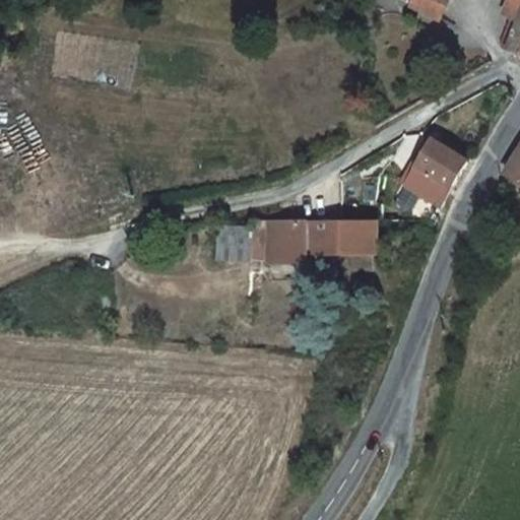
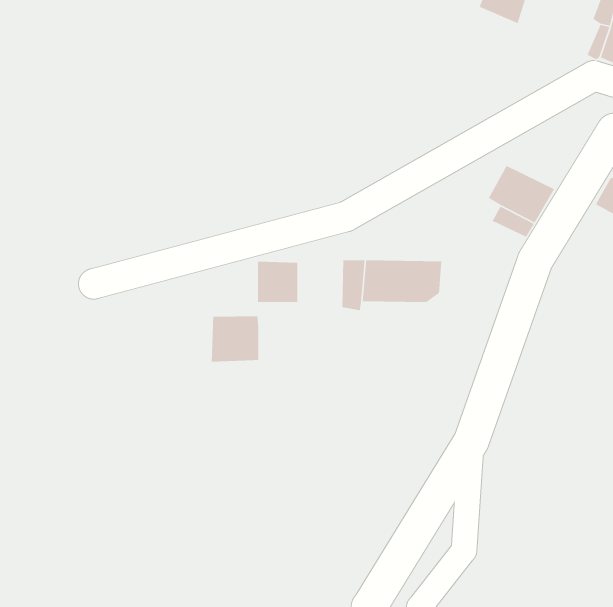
building: [259,219,290,262] -> none
building: none -> [211,316,259,362]

